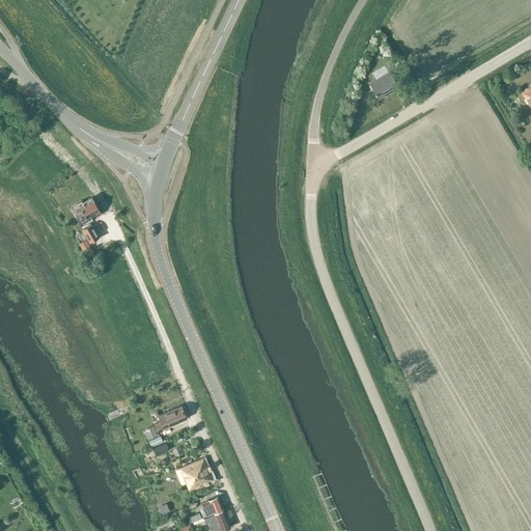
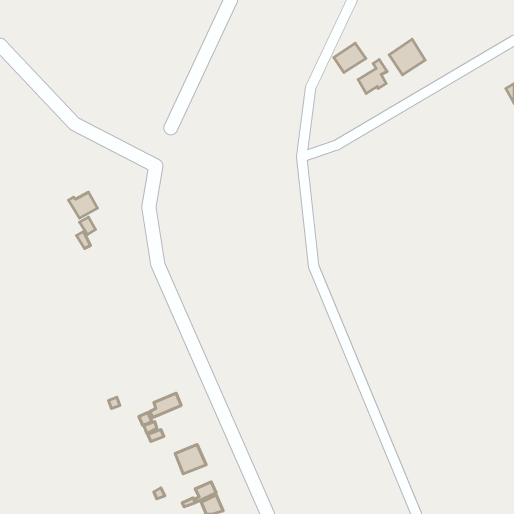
building: none -> [389,39,425,75]
building: none -> [334,43,366,72]

